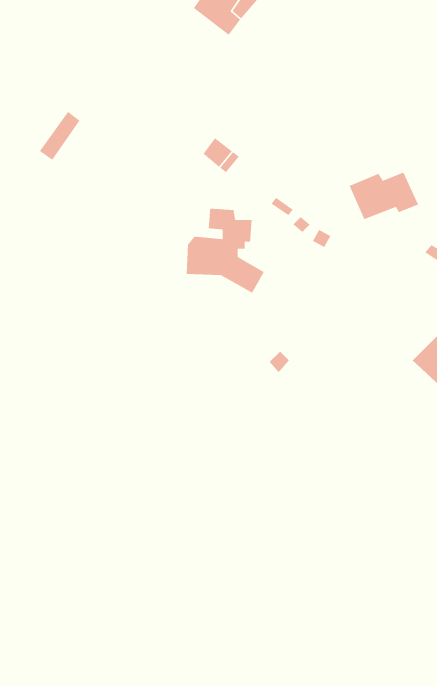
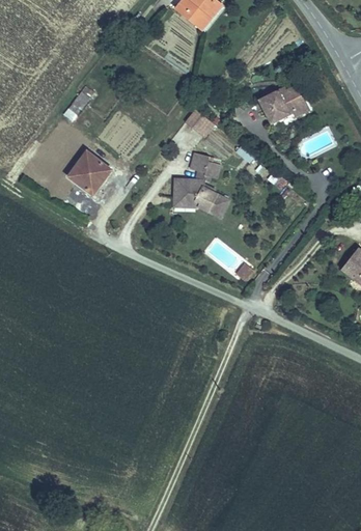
building: [348,172,419,220] -> [257,85,310,121]
building: none -> [73,146,113,189]

